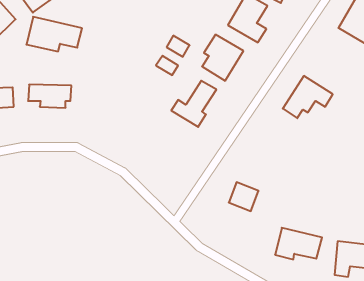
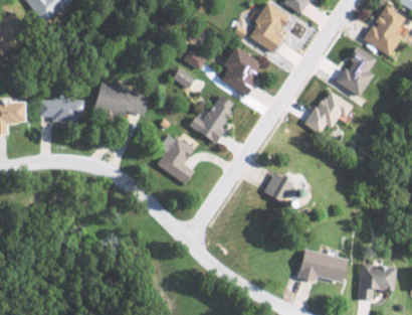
building: [26,17,82,51] -> [92,83,151,119]
building: none -> [338,46,377,96]
building: none -> [157,133,195,184]
building: [229,182,259,211] -> [264,173,295,203]

